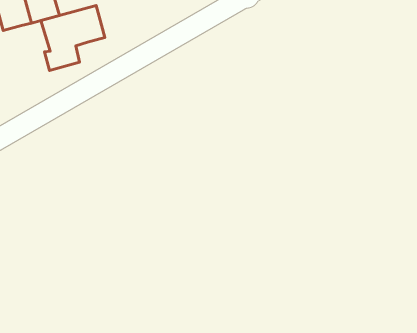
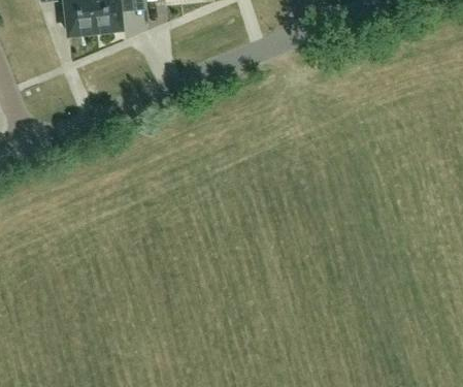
building: [41,6,105,71] -> none

